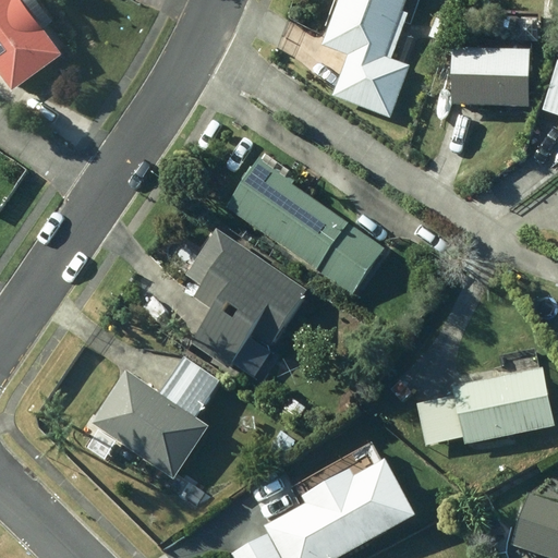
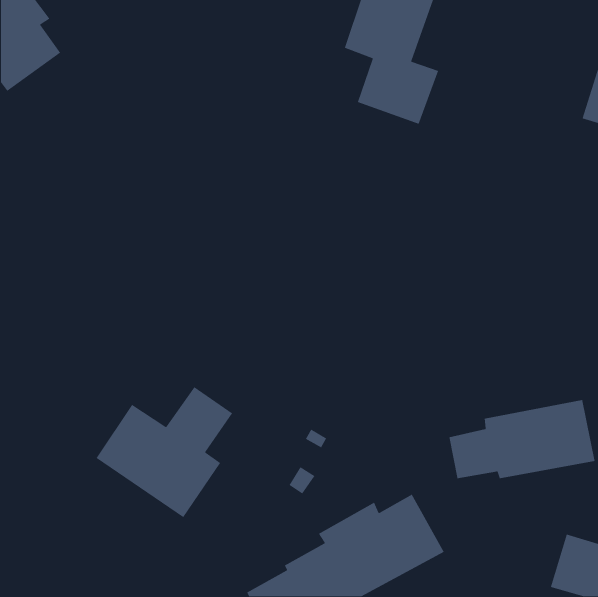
building: [451,39,542,109] -> none
building: [225,158,384,294] -> none
building: [184,229,305,374] -> none

